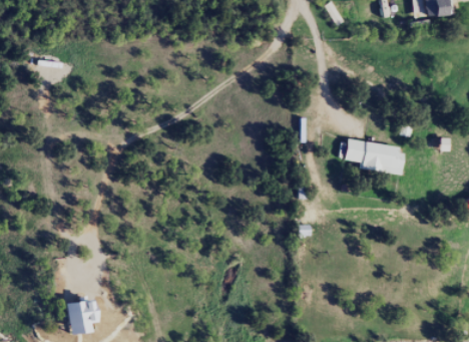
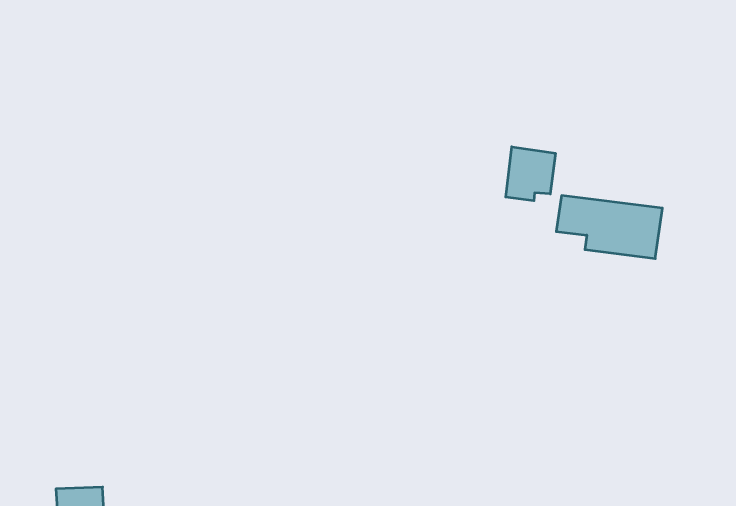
building: none -> [506,147,555,201]

